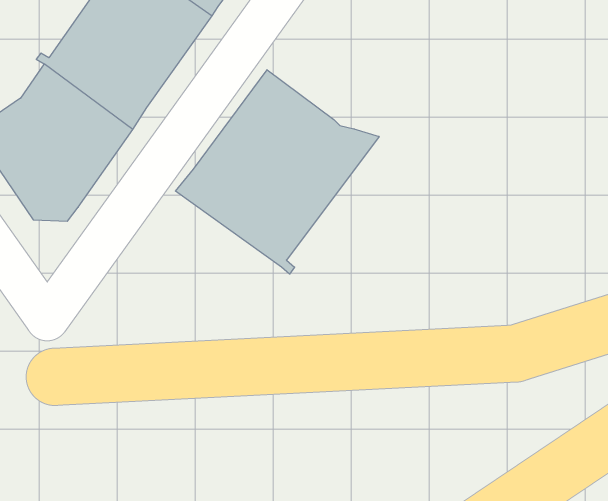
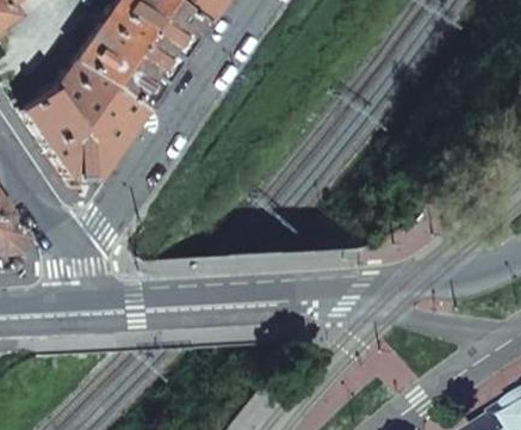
building: [175,70,379,274] -> none

